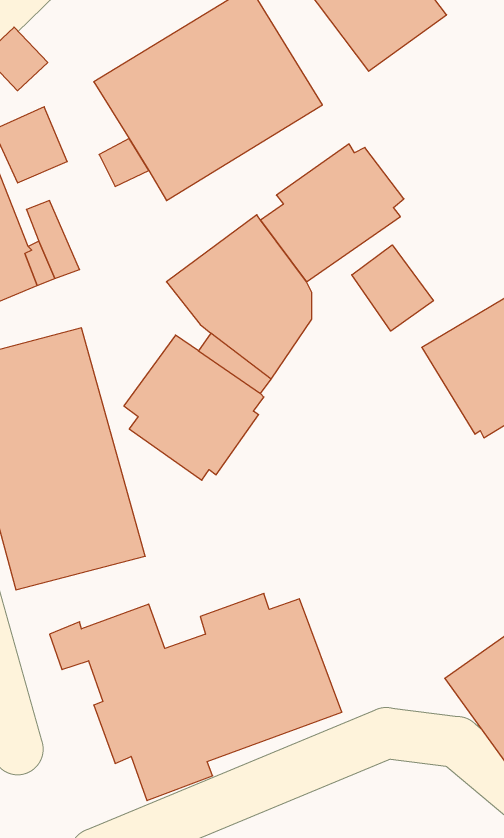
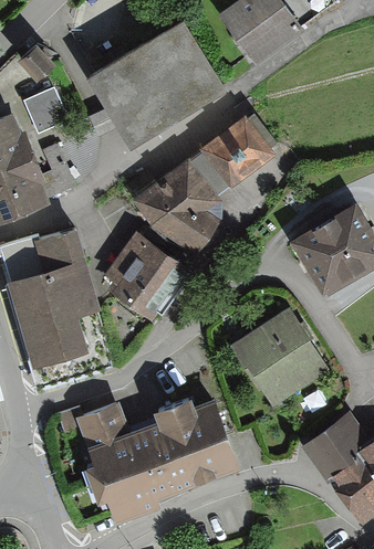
building: [352,245,433,331] -> none
building: none -> [230,308,330,410]

